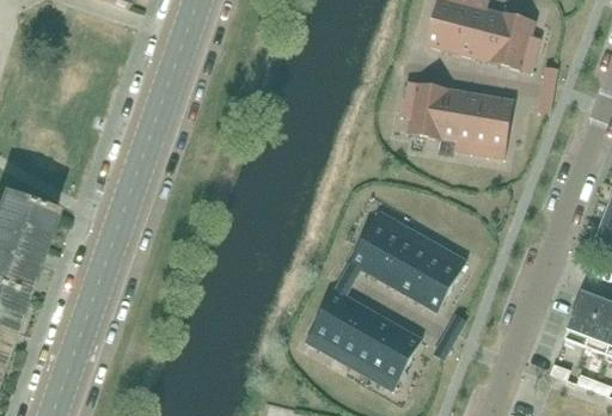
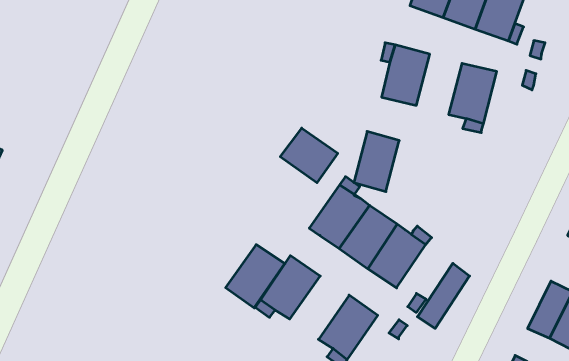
building: [441,88,481,143] -> [354,131,399,192]
building: none -> [280,128,338,183]
building: none -> [417,263,470,328]
building: [339,306,393,366] -> [226,245,285,308]

